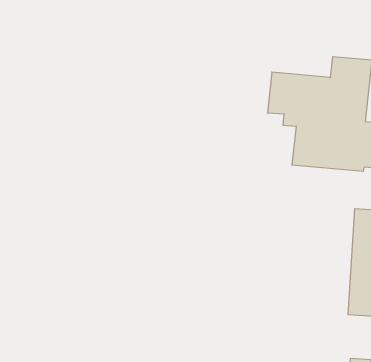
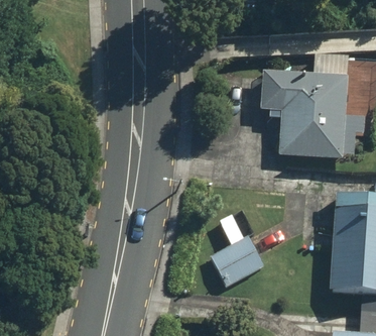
building: none -> [211,237,266,288]

